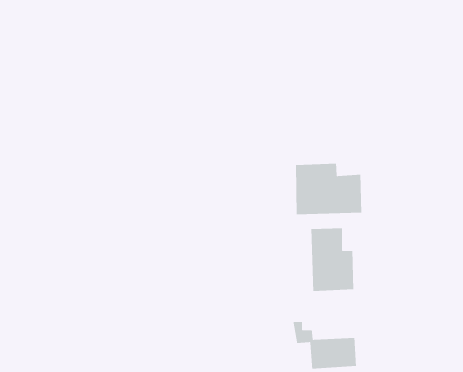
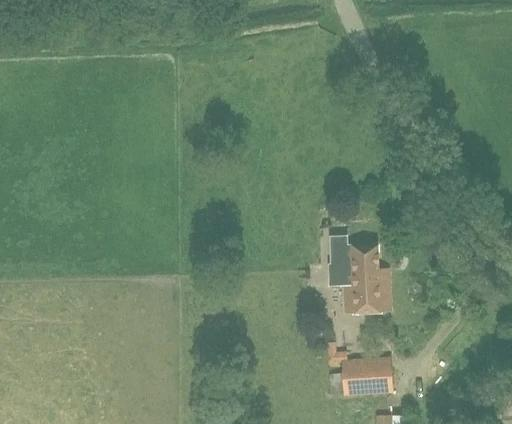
building: [295,163,362,215] -> none

